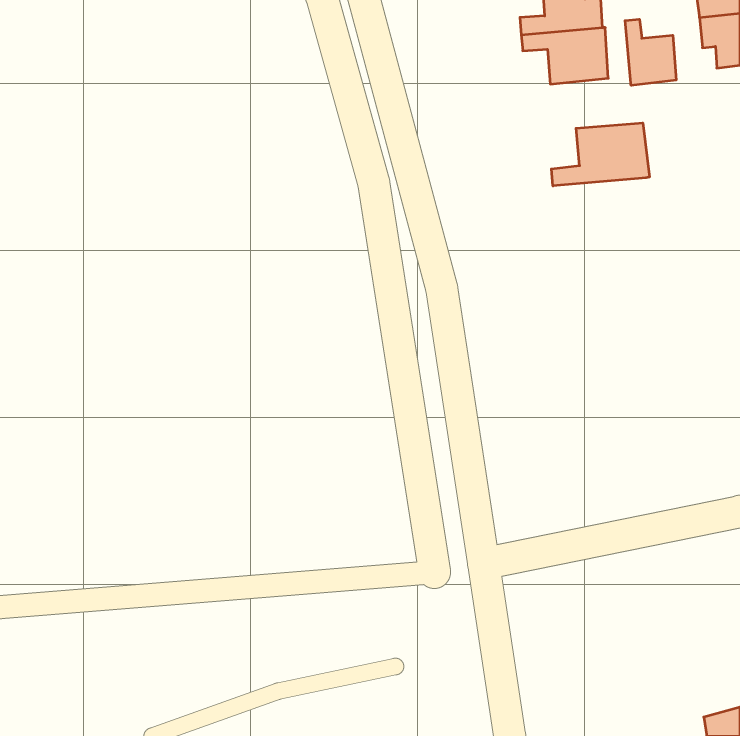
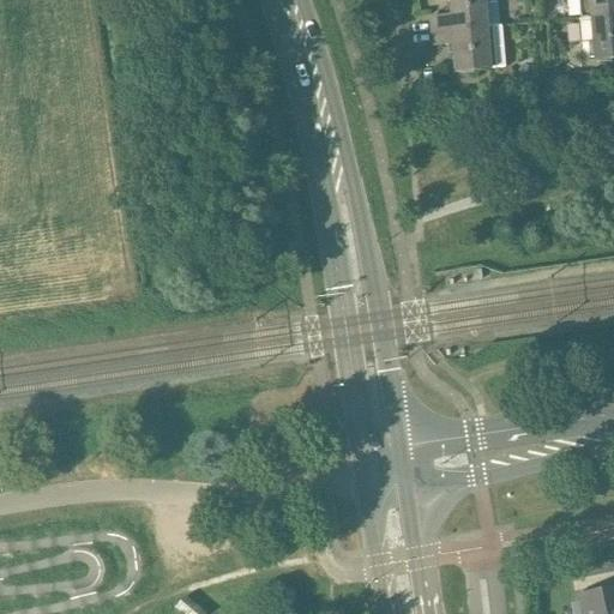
building: [625,19,676,85] -> none
building: [551,123,649,186] -> none

